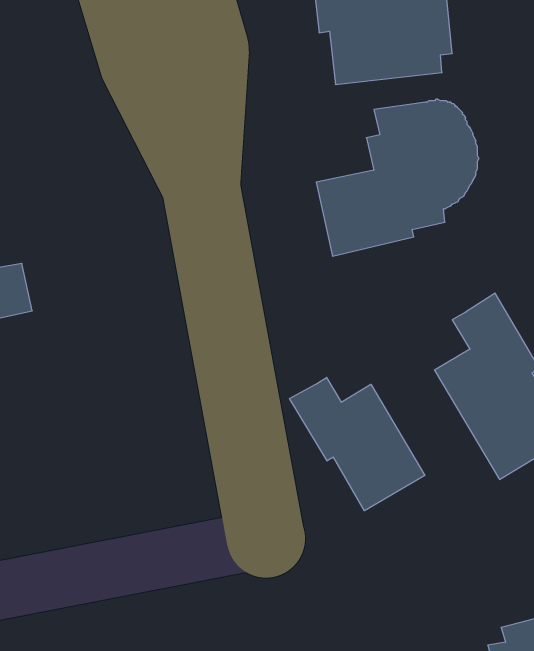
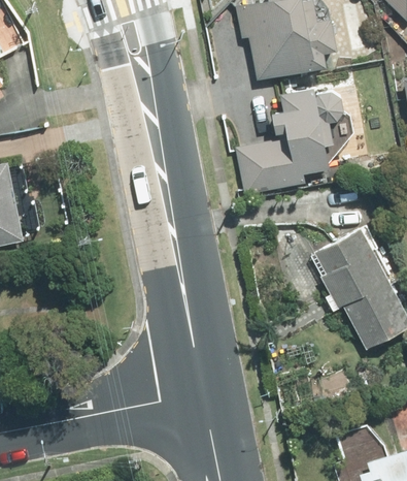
building: [290,377,425,511] -> none

